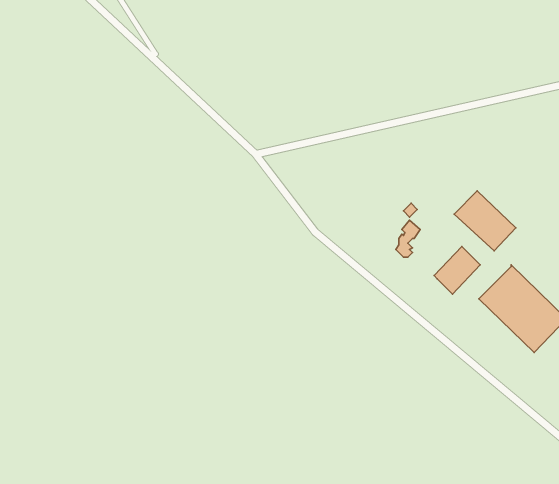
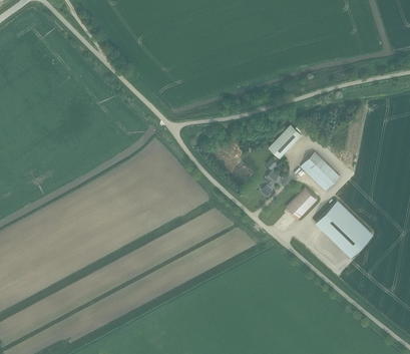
building: none -> [268,124,301,156]

